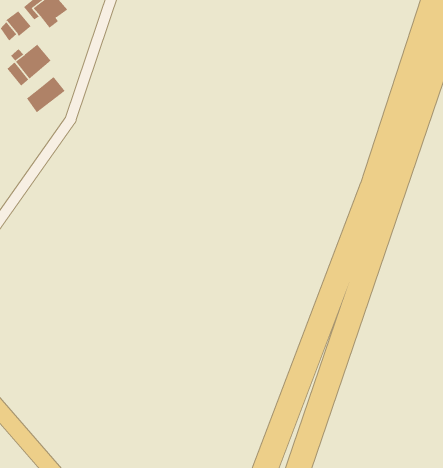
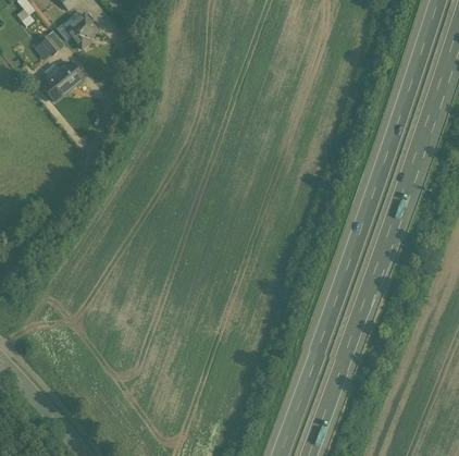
building: [26,76,65,113] -> none

